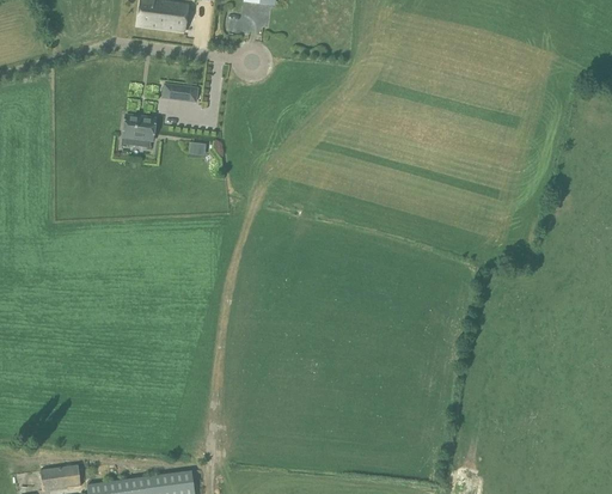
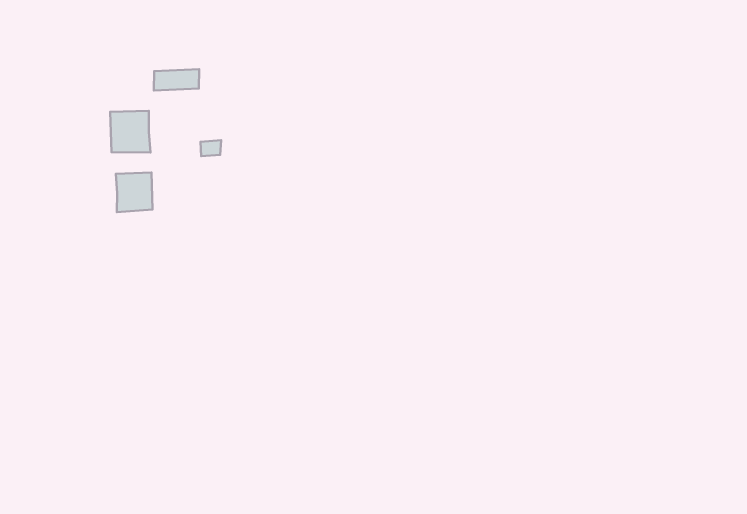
building: none -> [116,173,153,212]

